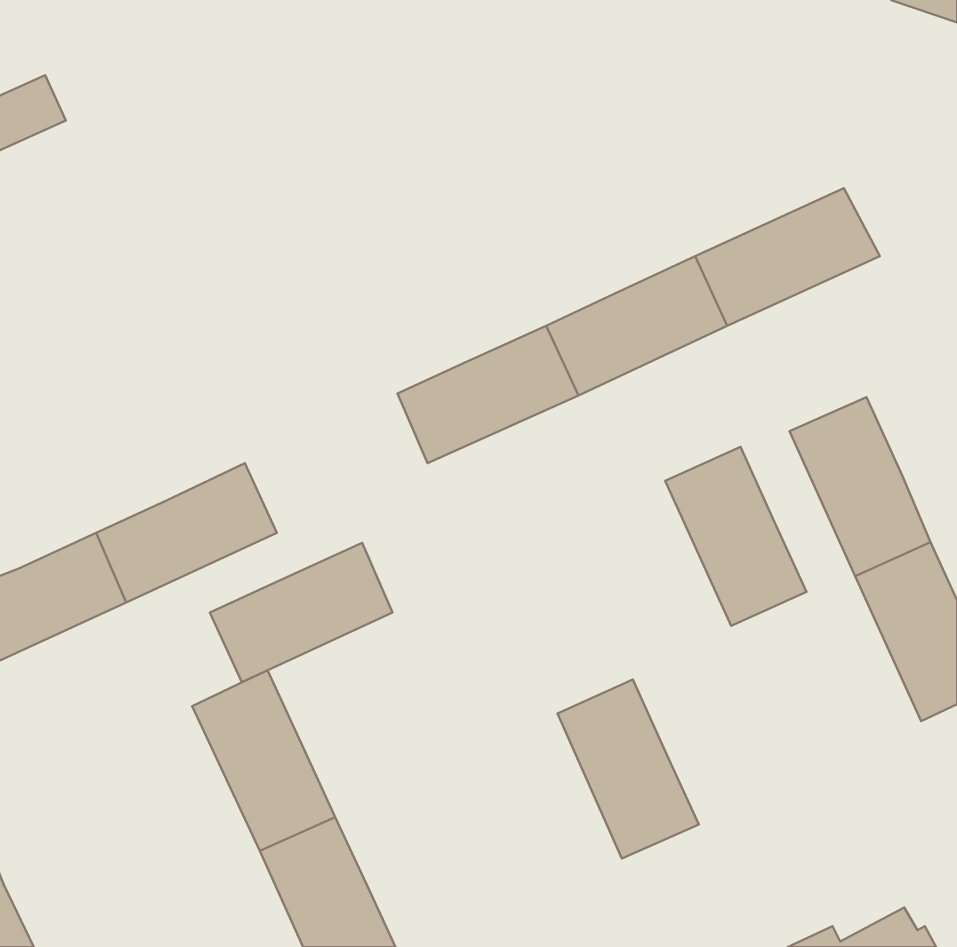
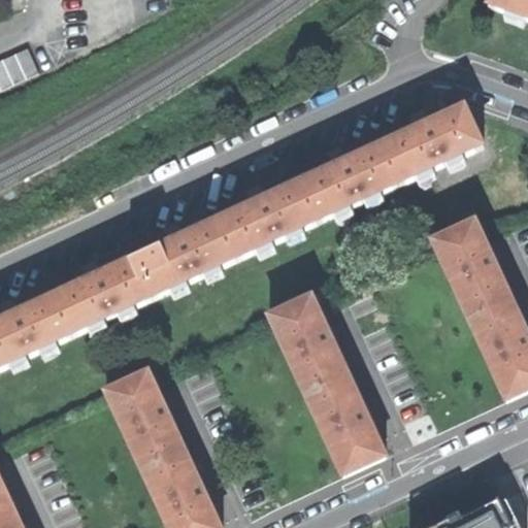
building: [665,447,806,626] -> [269,293,346,391]
building: [210,543,392,682] -> [134,216,234,292]

